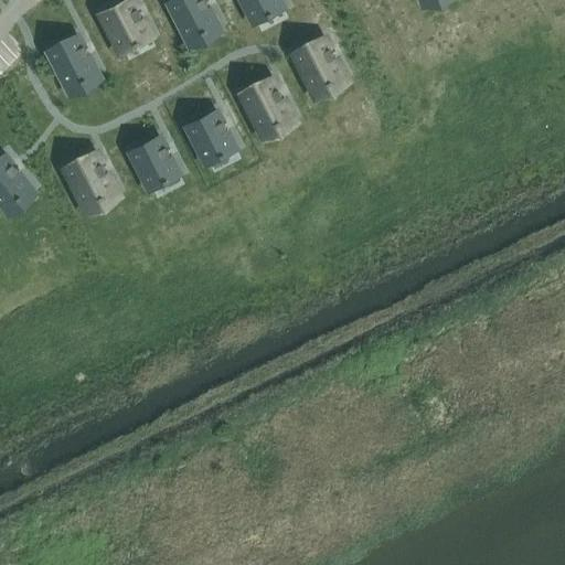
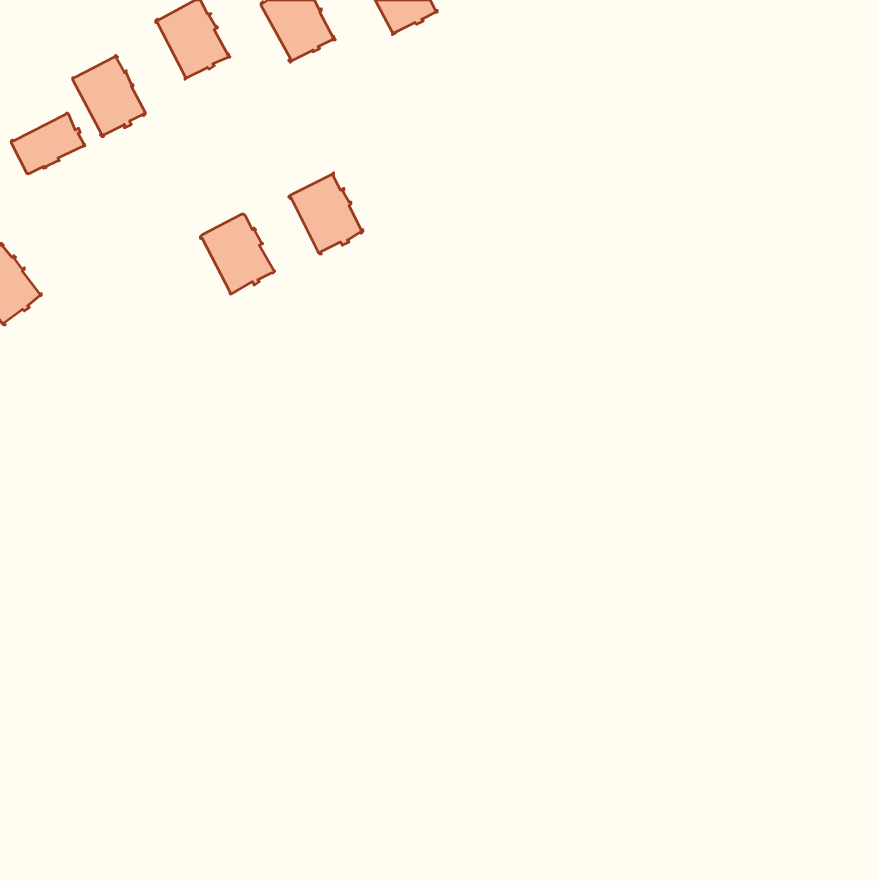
building: [292,40,340,92] -> none
building: none -> [11,113,85,174]
building: [239,79,287,131] -> none
building: [64,154,111,206] -> none

